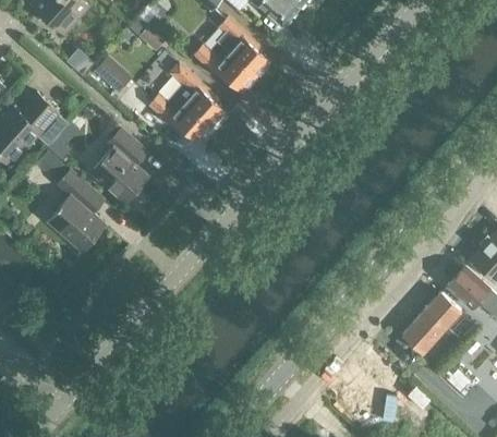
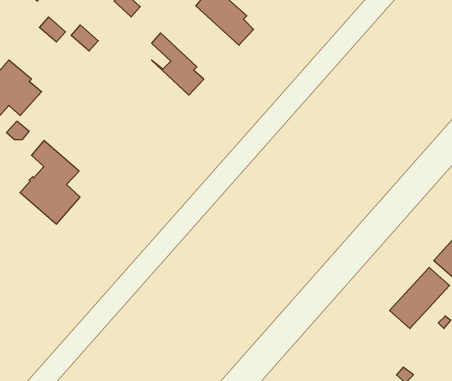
building: [198,40,258,94] -> none
building: [150,93,210,143] -> none
building: [92,128,149,203] -> none

